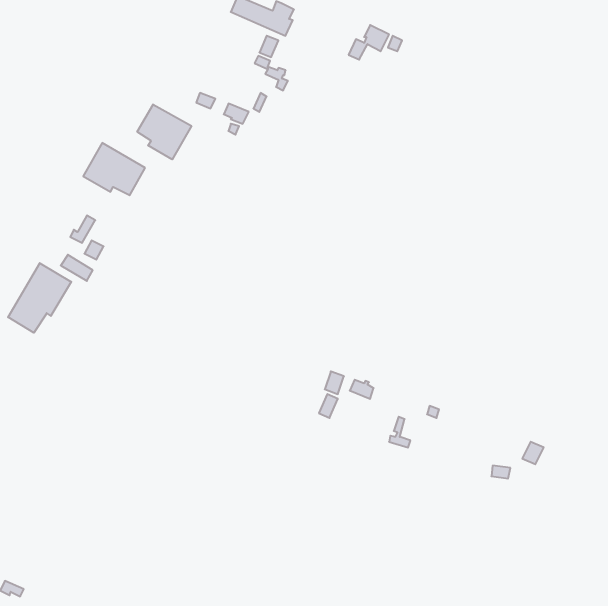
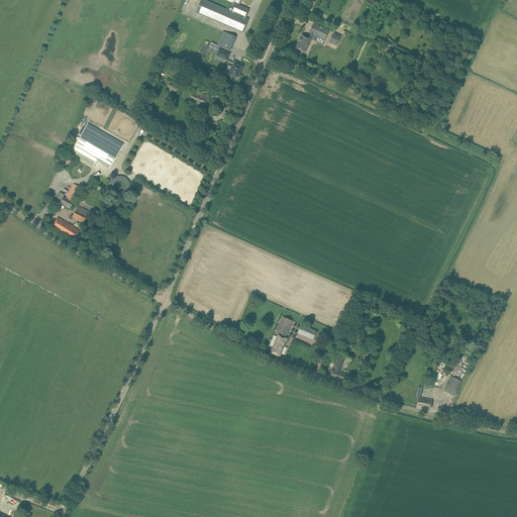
building: [137,104,191,159] -> none
building: [8,263,71,333] -> none

